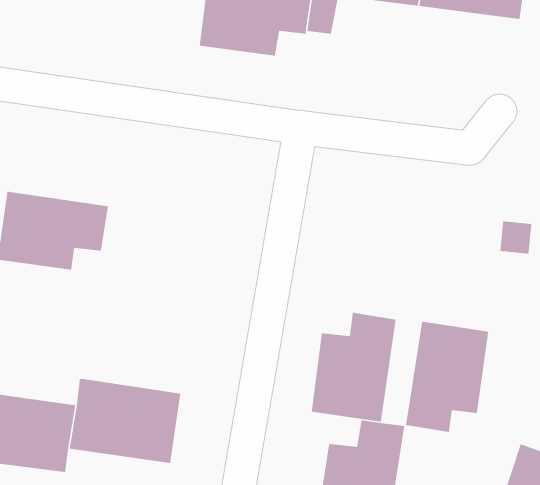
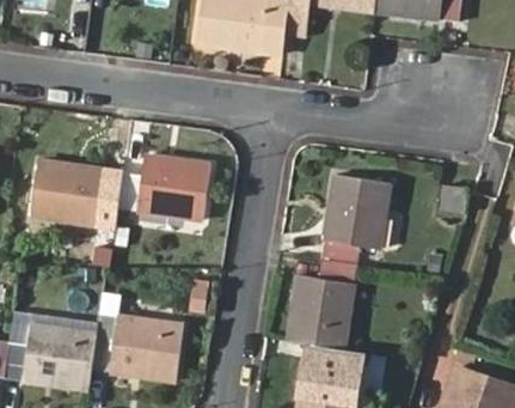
building: none -> [117,156,208,220]
building: [405,321,489,433] -> [320,173,388,264]

